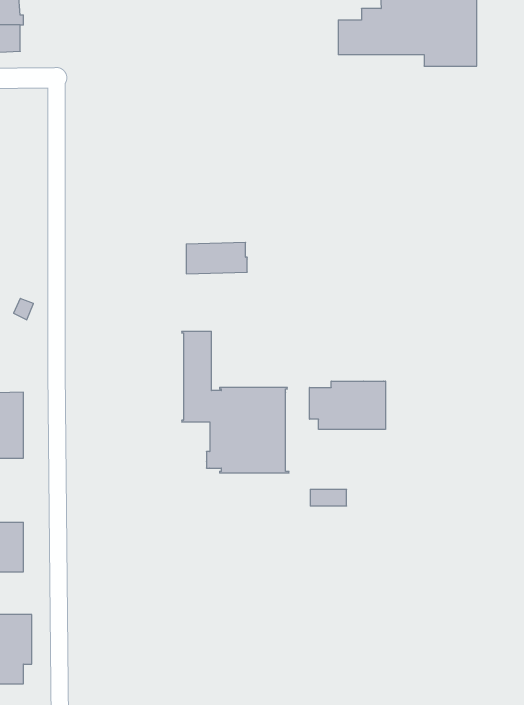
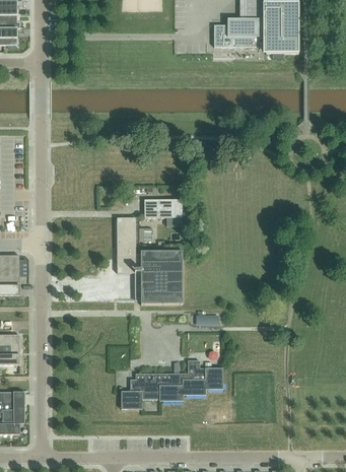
building: [186,242,247,274] -> [144,198,182,217]
building: [310,381,385,429] -> none
building: none -> [121,359,222,408]

